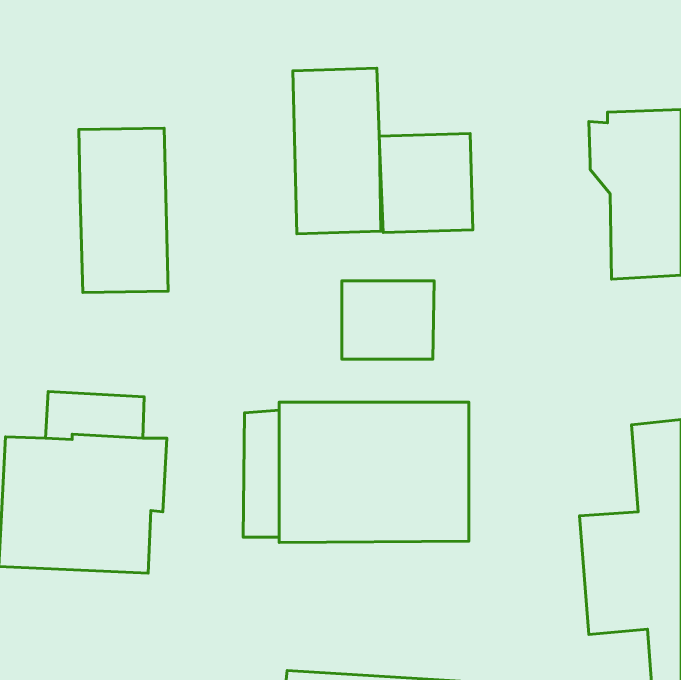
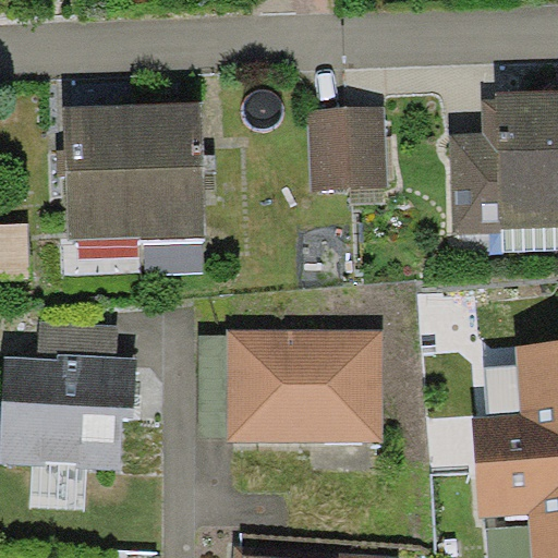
building: [293,68,381,234] -> [134,105,206,240]
building: none -> [451,135,499,235]
building: [342,281,434,359] -> none

